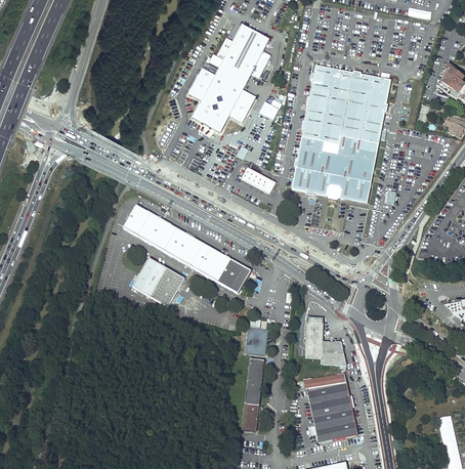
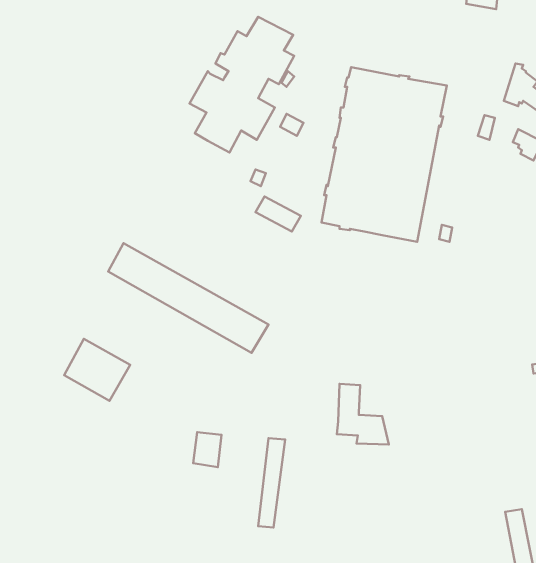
building: [132,257,184,306] -> [64,339,130,401]
building: [245,328,267,355] -> [193,432,222,467]
building: [303,373,357,443] -> none

